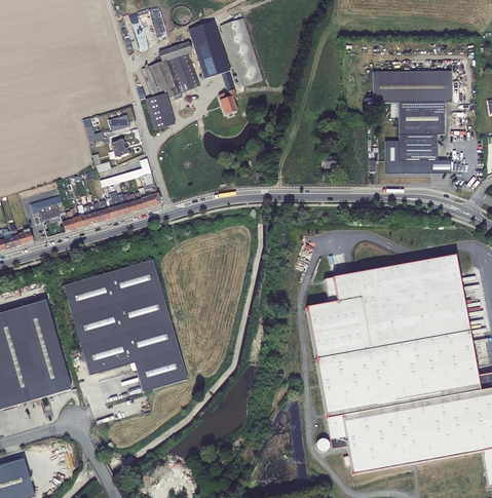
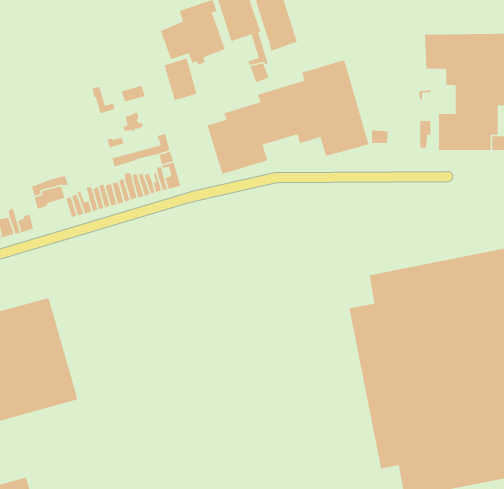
building: none -> [206,59,370,175]
building: [65,259,188,391] -> none

